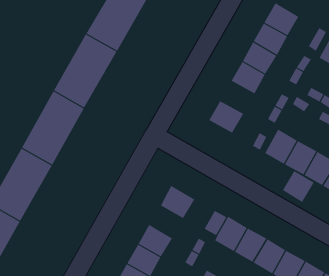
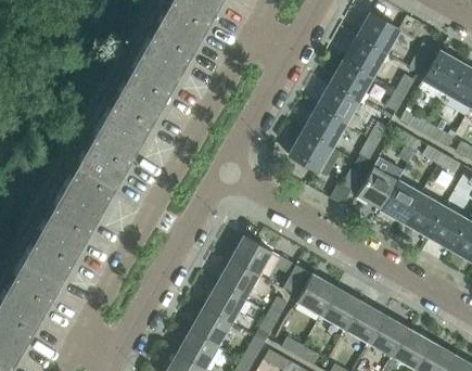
building: none -> [304,108,346,149]
building: [282,170,314,203] -> none
building: none -> [217,260,259,300]

